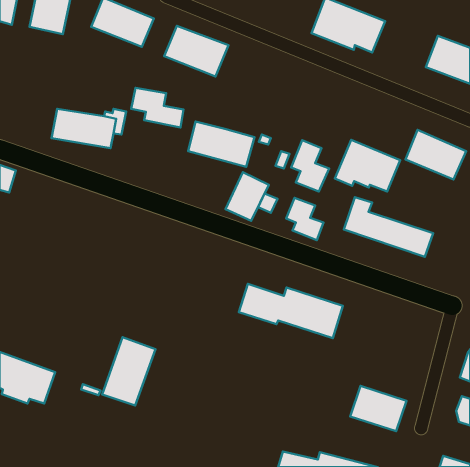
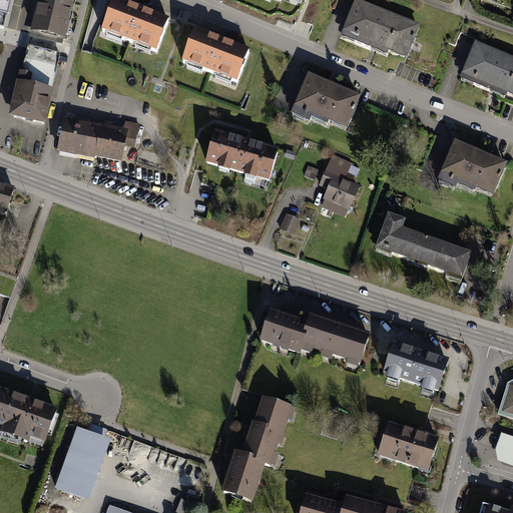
building: none -> [10,42,63,123]
building: [131,88,183,127] -> none
building: [335,140,400,191] -> [289,74,360,130]
building: [225,172,269,221] -> none
building: [286,198,323,240] -> none
building: none -> [382,341,448,391]
building: [102,337,156,405] -> [56,424,114,498]
building: none -> [221,392,295,497]

